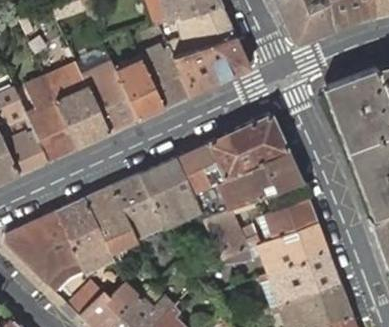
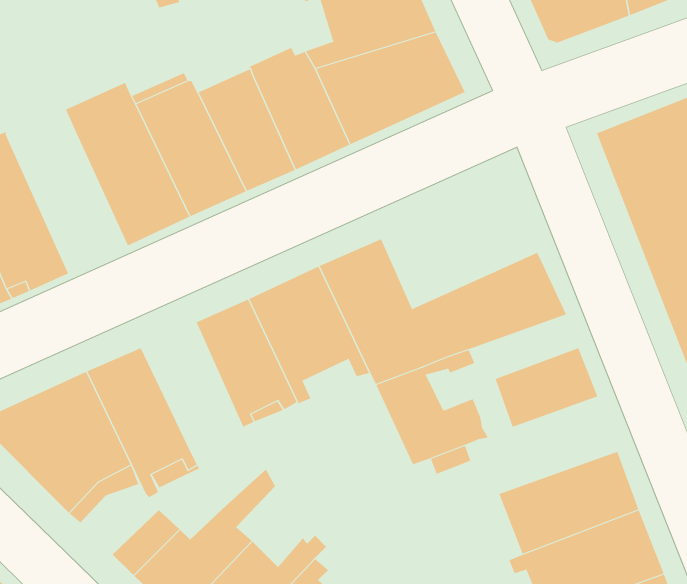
building: [22,78,79,162] -> none
building: [209,115,289,180] -> none
building: [86,187,139,254] -> none
building: [259,225,330,278] -> none

